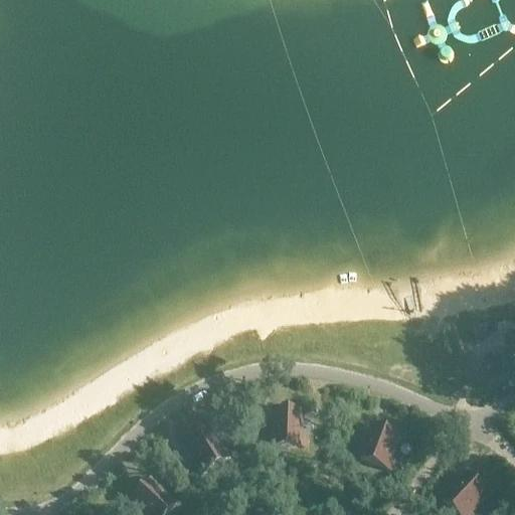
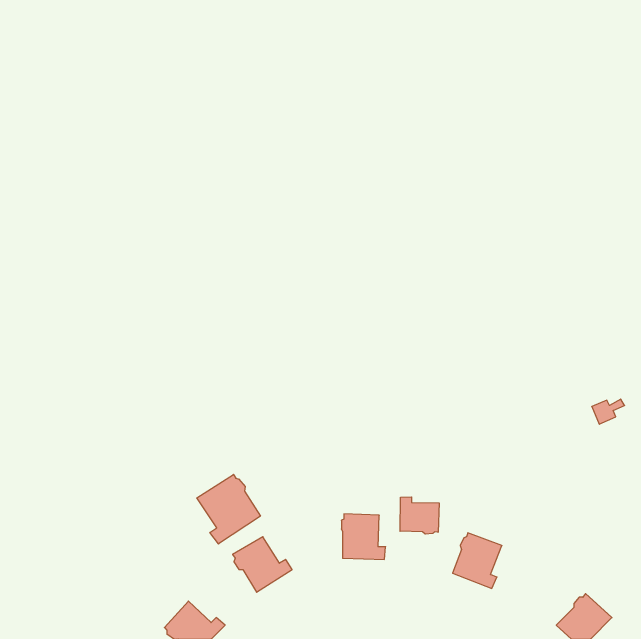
building: none -> [197,474,260,544]
building: none -> [400,497,439,534]

